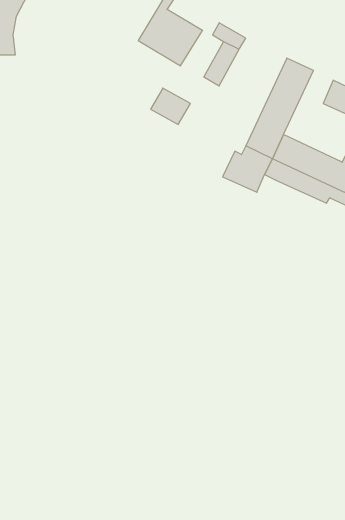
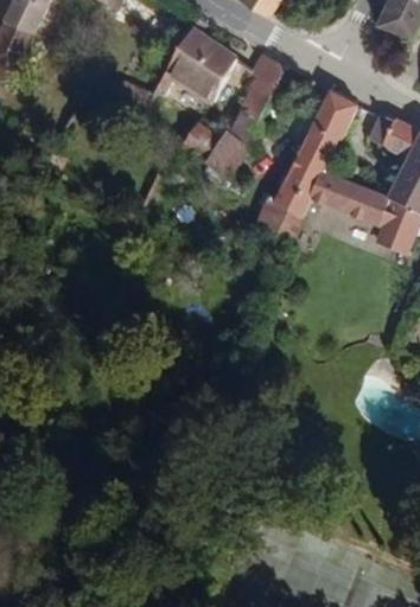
building: none -> [209,109,255,177]

